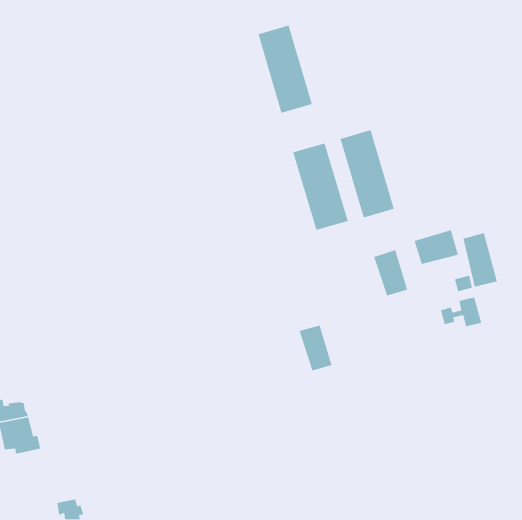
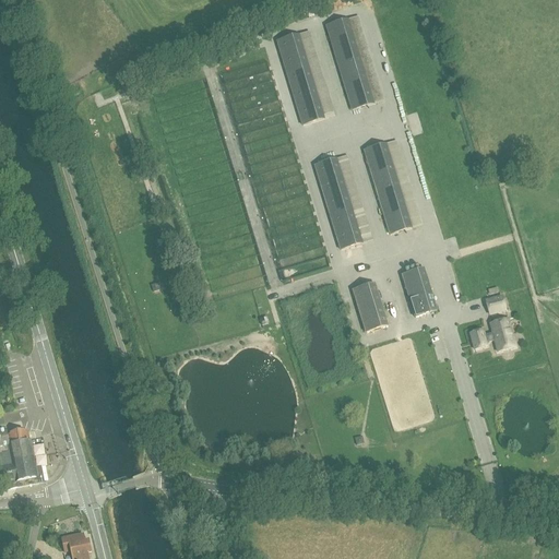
building: none -> [324,11,383,107]
building: [414,229,459,265] -> none
building: [462,232,498,288] -> none
building: [299,324,332,372] -> [349,281,385,331]

